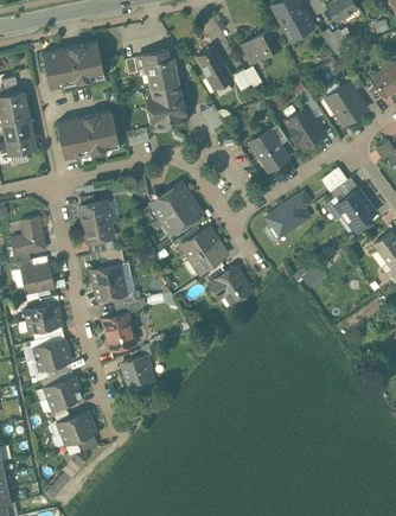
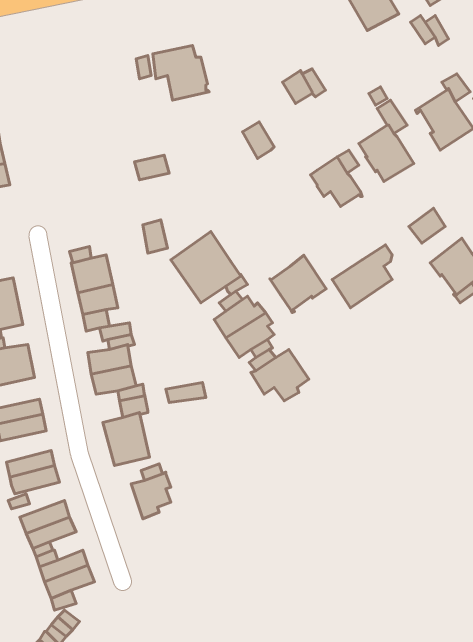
building: [239,31,276,64] -> none
building: [41,42,104,88] -> none
building: [196,45,230,90] -> none
building: [146,84,192,132] -> none
building: [57,110,119,158] -> none
building: none -> [270,255,326,313]

